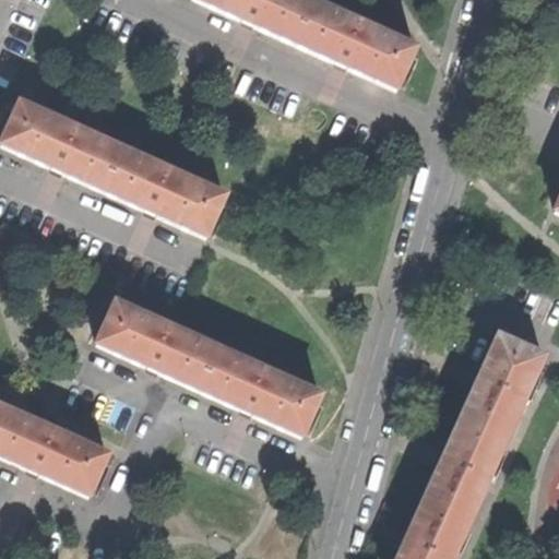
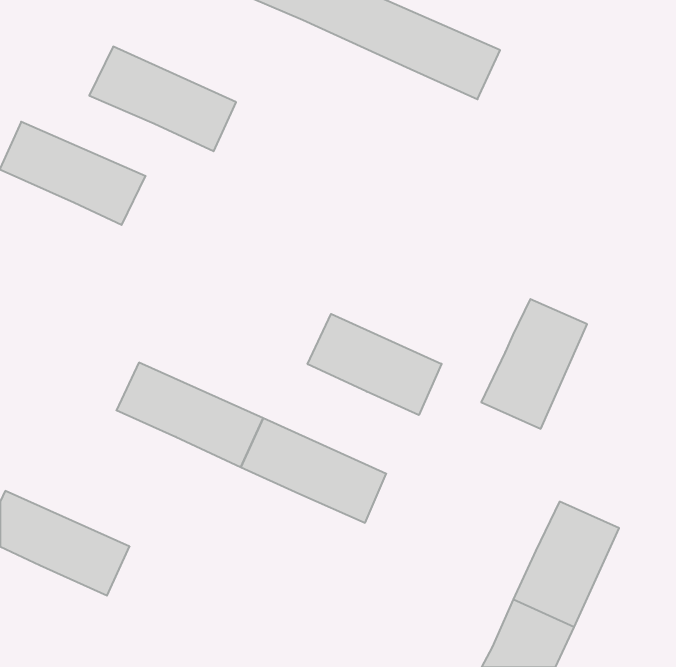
building: [100,145,222,231] -> [89,47,236,151]
building: none -> [308,314,442,415]
building: [462,329,549,436] -> [481,299,587,429]

